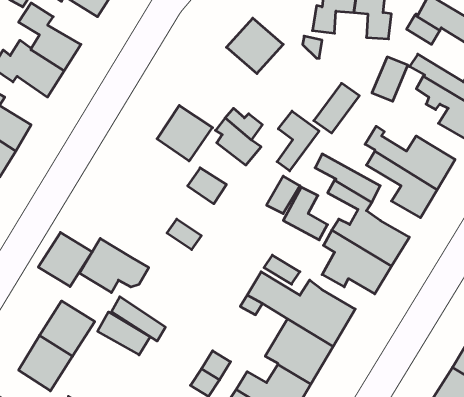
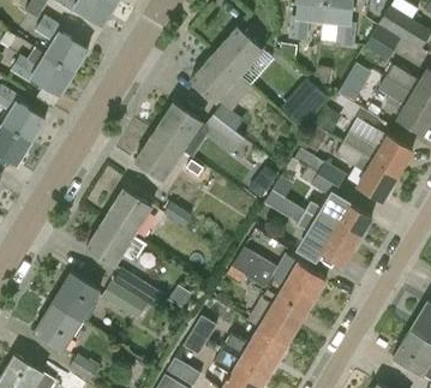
building: none -> [191,53,240,103]
building: [277,111,319,171] -> none
building: none -> [134,132,181,180]
building: [38,232,92,287] -> [104,189,151,235]

